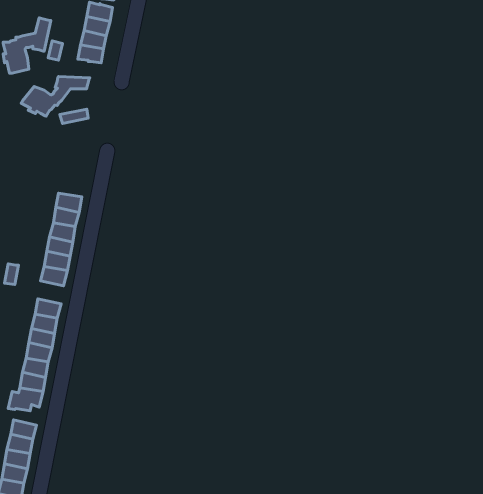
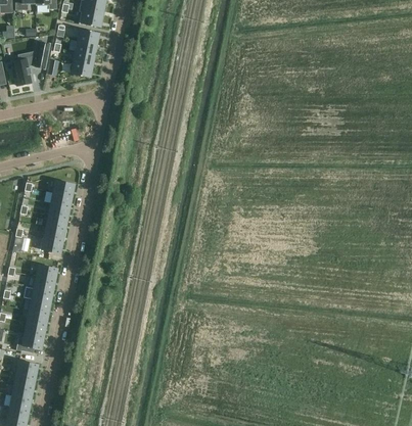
building: [21,76,90,116] -> none

